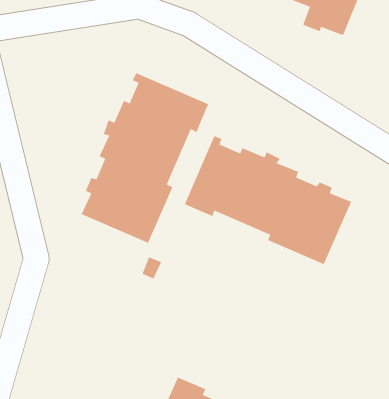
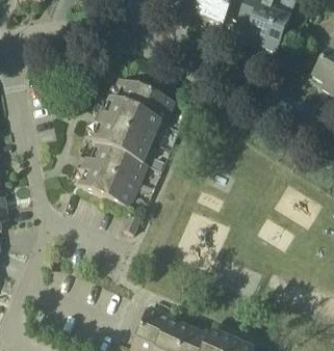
building: [184,135,352,265] -> none

